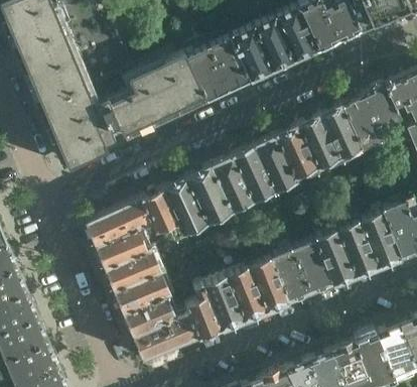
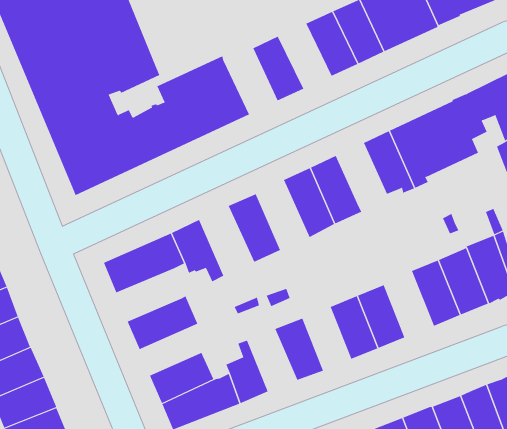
building: [229,28,272,82] -> none
building: [184,48,228,103] -> none
building: [276,126,319,178] -> none
building: [211,156,254,214] -> none
building: [164,177,208,235] -> none
building: [96,229,149,272] -> none
building: [314,231,356,285] -> none
building: [249,260,288,312] -> none
building: [115,274,171,316] -> none
building: [203,278,244,330] -> none

